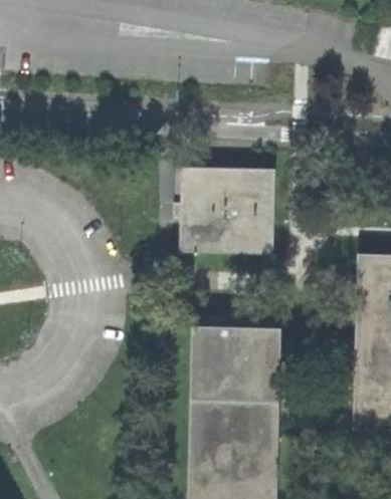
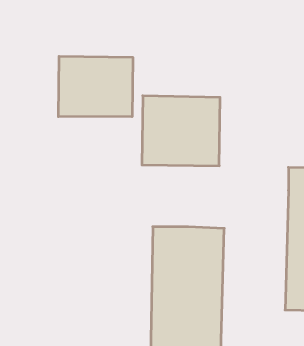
building: none -> [58,56,133,117]

